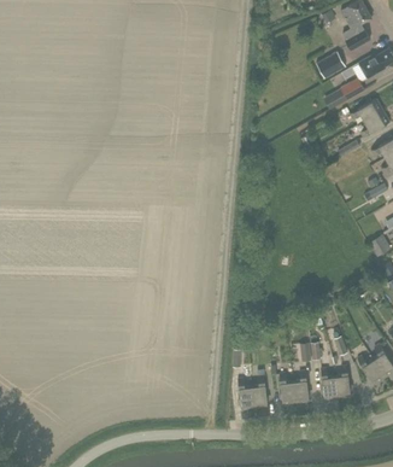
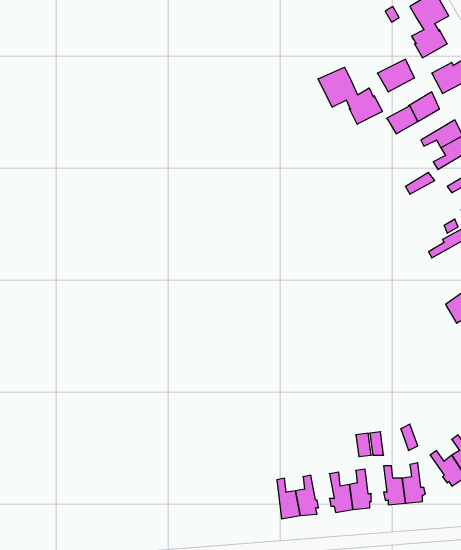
building: none -> [318,67,382,124]

